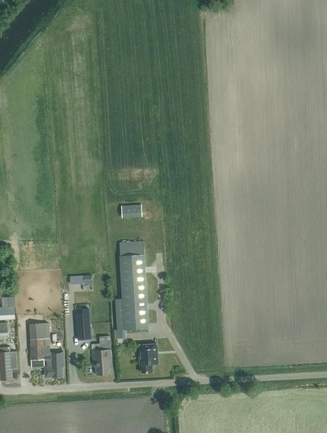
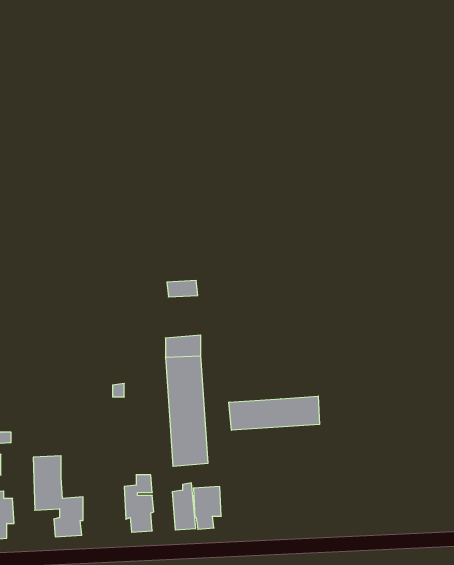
building: none -> [229,396,320,430]
building: [75,308,91,340] -> [172,483,196,530]

